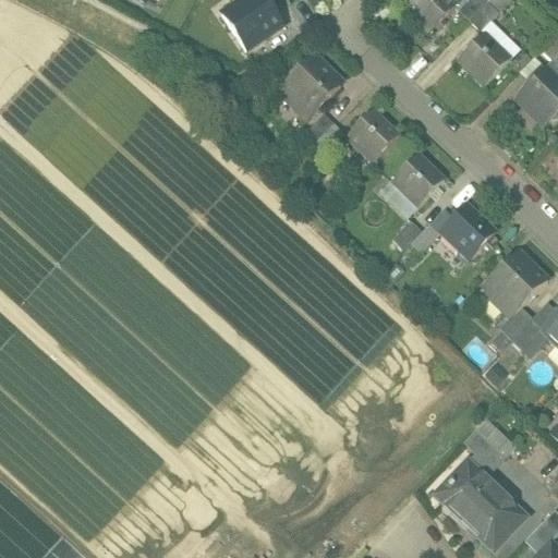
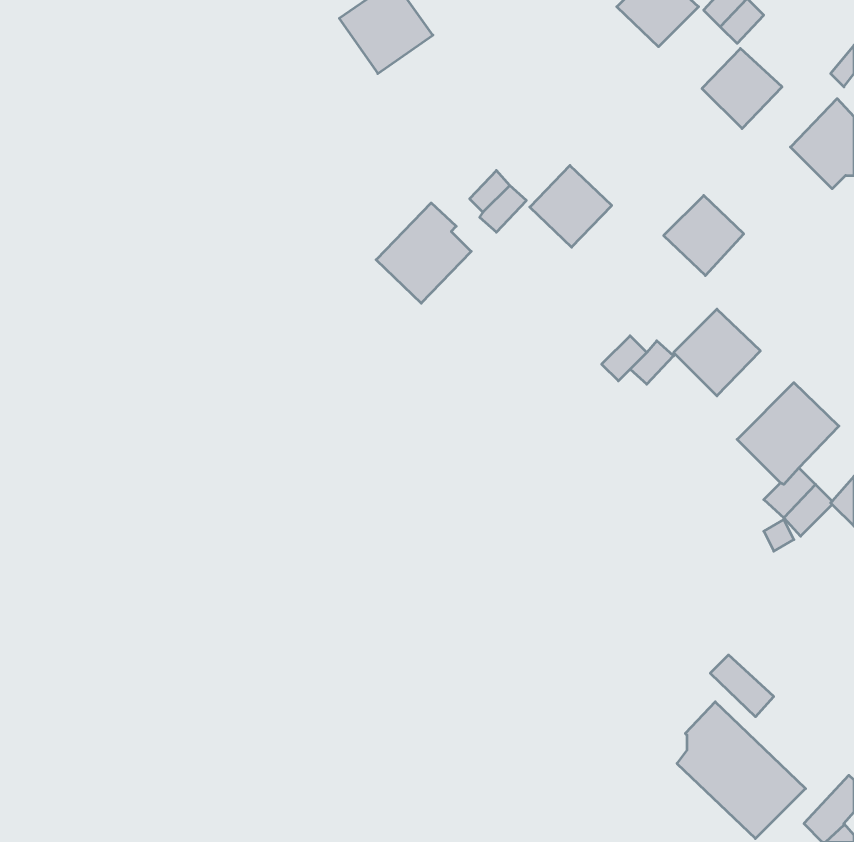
building: [278,52,340,118] -> [376,203,471,303]
building: [391,153,444,205] -> [664,195,744,276]

